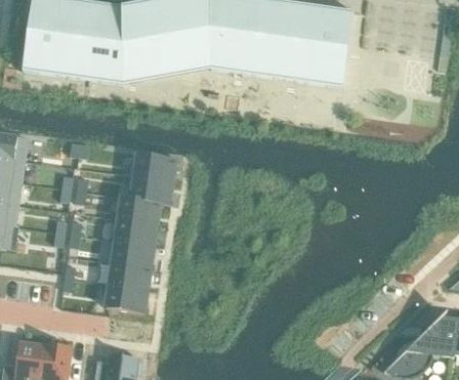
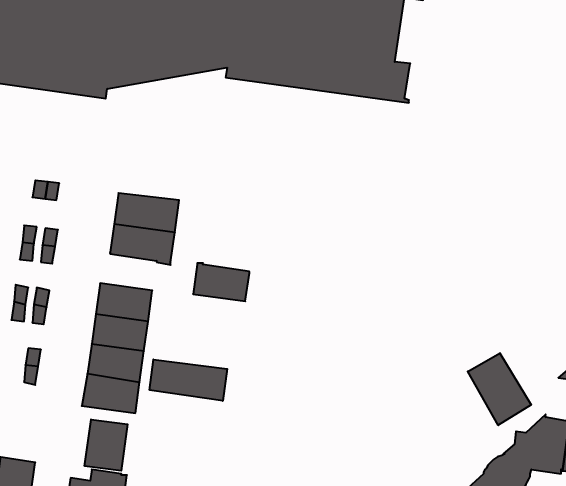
building: [119,195,160,222] -> [193,263,249,301]
building: none -> [468,353,531,425]
building: none -> [150,359,227,401]
building: none -> [85,419,128,471]

